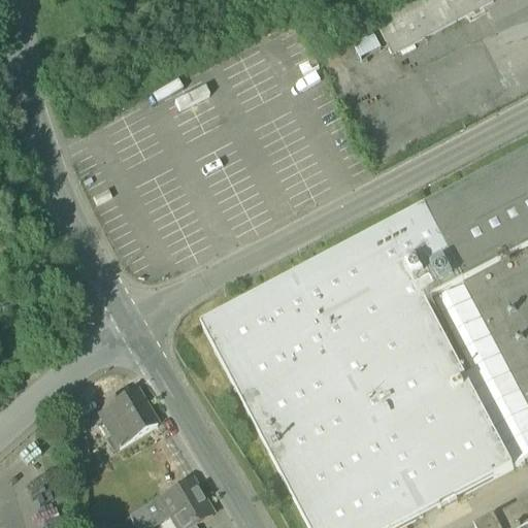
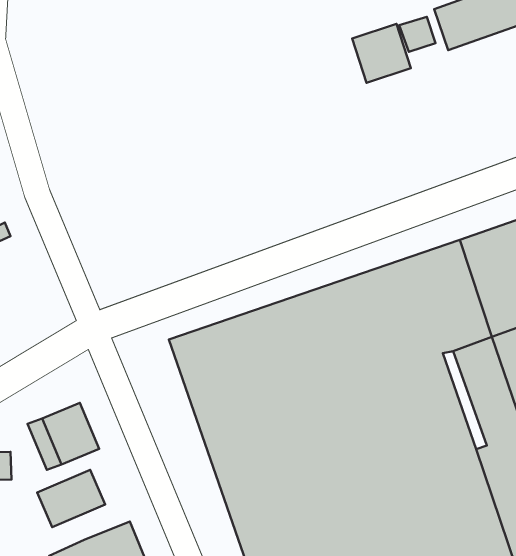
building: none -> [352,24,411,83]
building: none -> [37,470,105,527]

